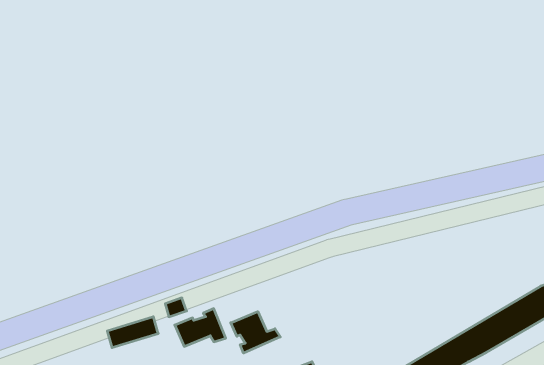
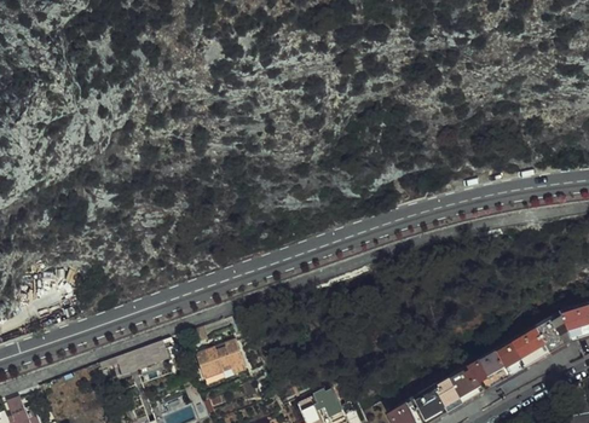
building: [231,312,280,353] -> none

